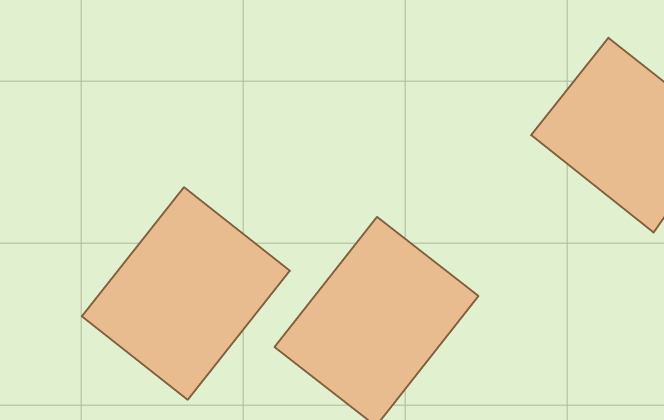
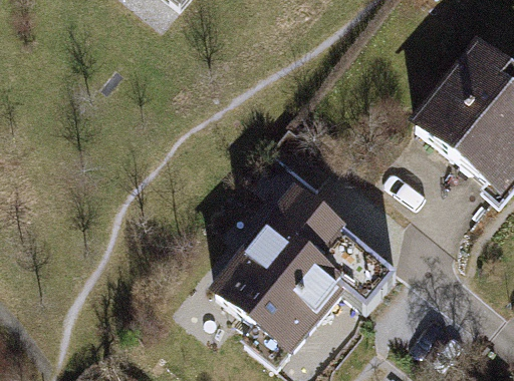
building: [82,187,290,400] -> none

